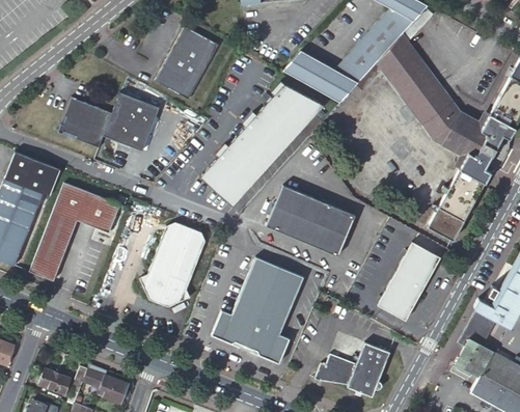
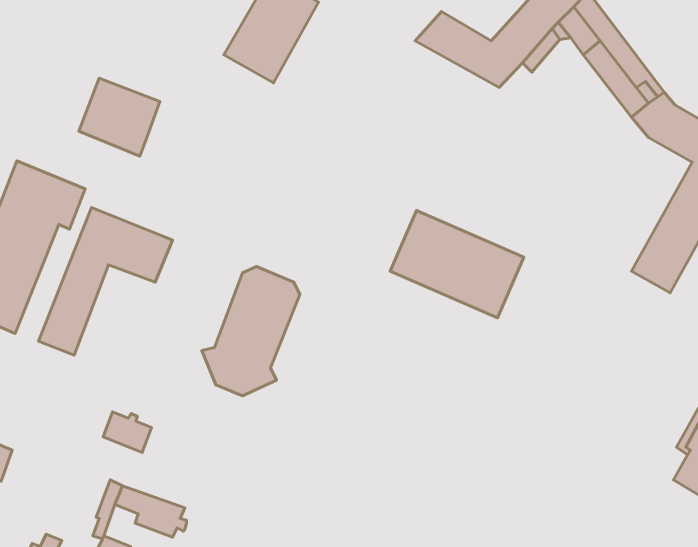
building: [199,80,323,205] -> none
building: [104,91,160,149] -> none
building: [375,240,437,318] -> none
building: [211,255,301,360] -> none
building: [312,342,390,397] -> none
building: [37,366,70,393] -> [103,412,152,452]

